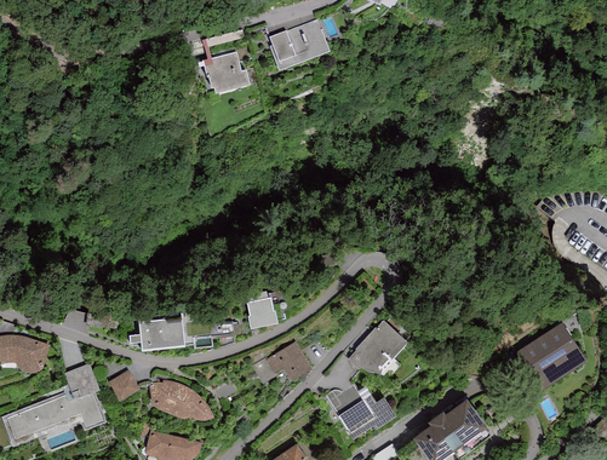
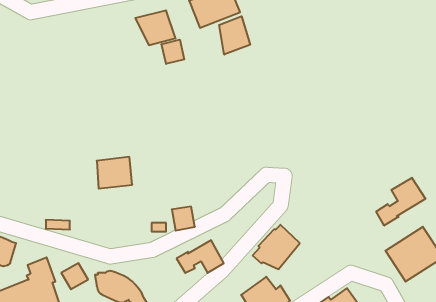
building: none -> [219,16,250,55]
building: none -> [162,40,184,64]
building: none -> [376,178,425,226]
building: [139,312,184,352] -> [97,157,132,189]

